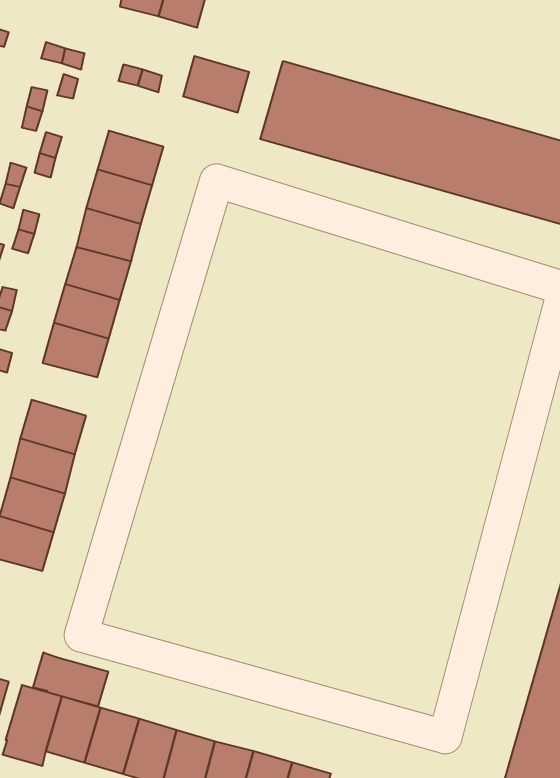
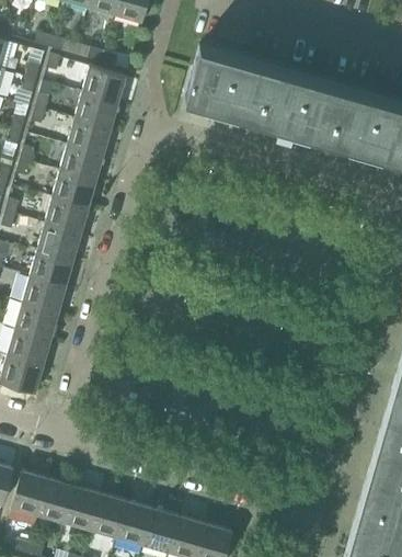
building: [183,56,249,112] -> [81,68,126,106]
building: none -> [28,253,73,289]
building: [33,652,108,706] -> none

